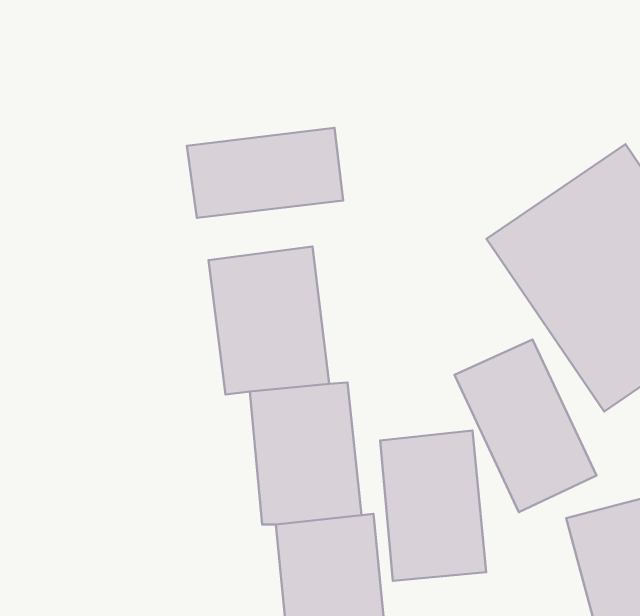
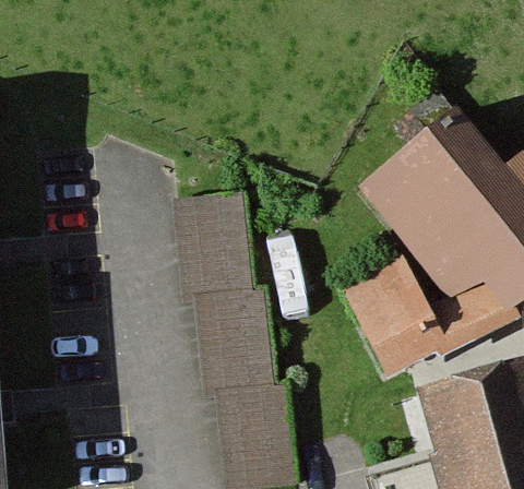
building: [187,128,343,218] -> none
building: [380,431,486,581] -> none

